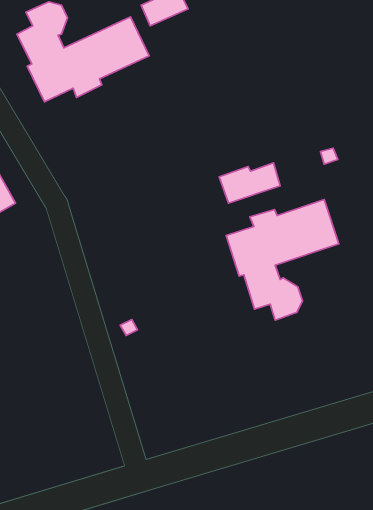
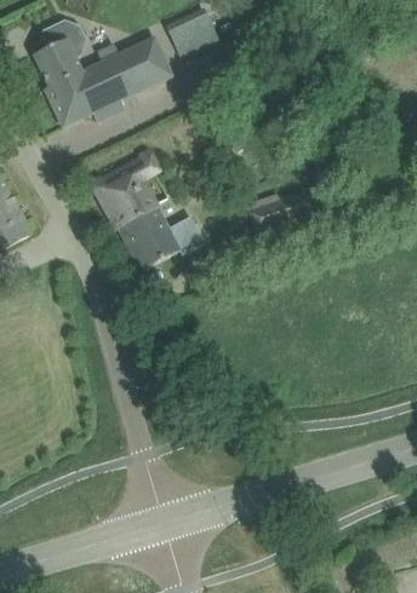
building: none -> [92,154,190,271]
building: [226,200,339,320] -> none

